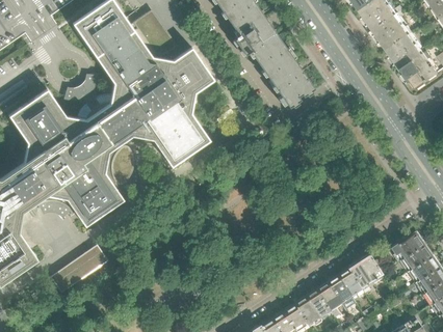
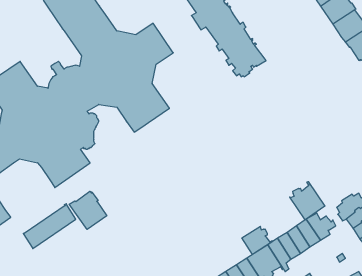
building: none -> [290,182,325,220]
building: none -> [69,191,107,229]
building: none -> [242,226,272,254]

